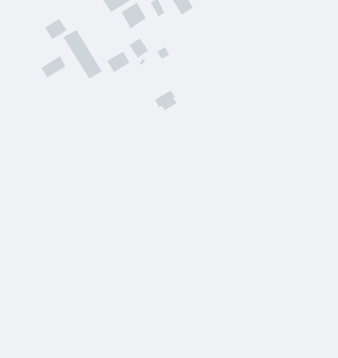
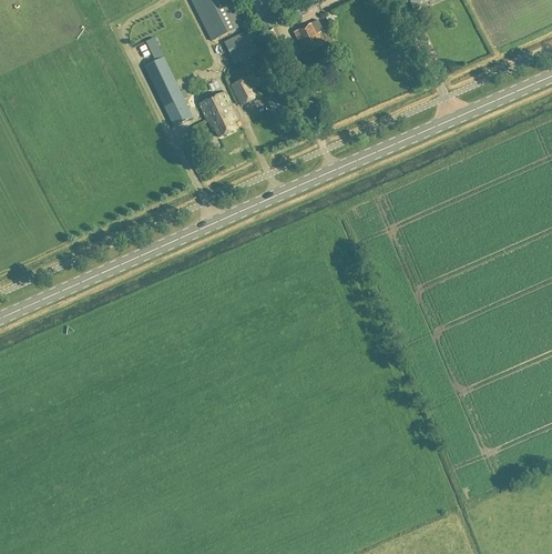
building: [44,18,68,40] -> none
building: [41,55,66,78] -> none
building: [154,90,177,111] -> [205,105,235,133]

